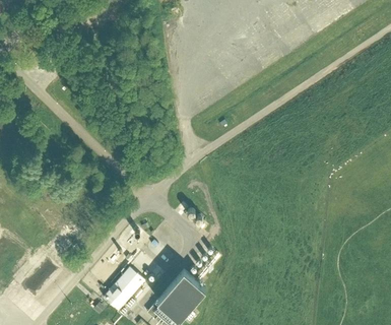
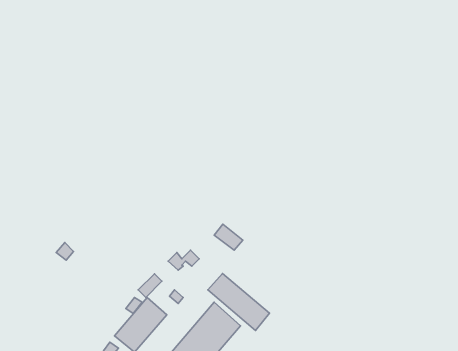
building: none -> [208,274,270,330]

